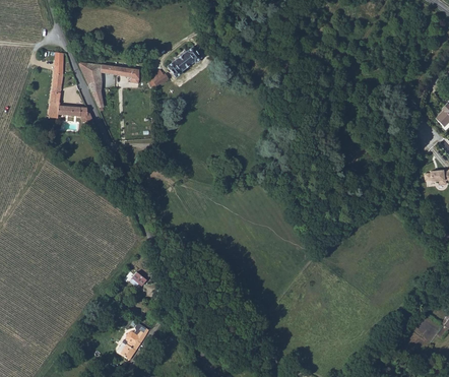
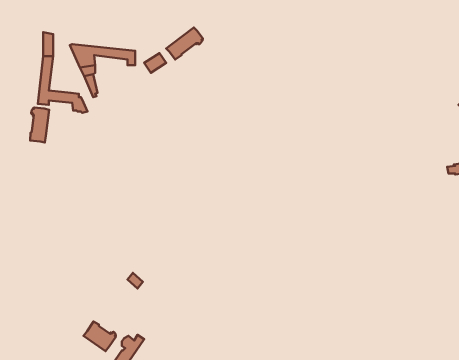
building: none -> [30,108,49,143]
building: none -> [83,321,116,351]

